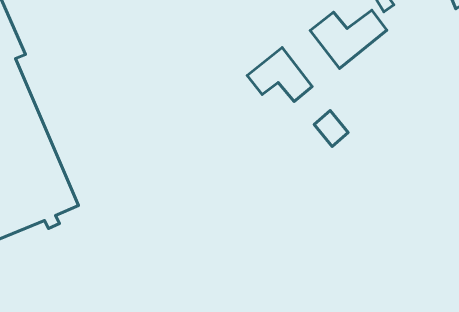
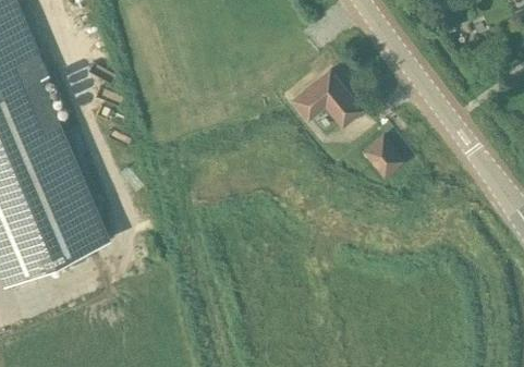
building: [310,10,387,68] -> none

